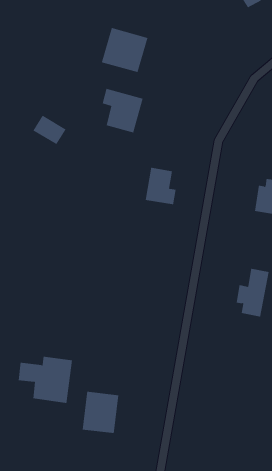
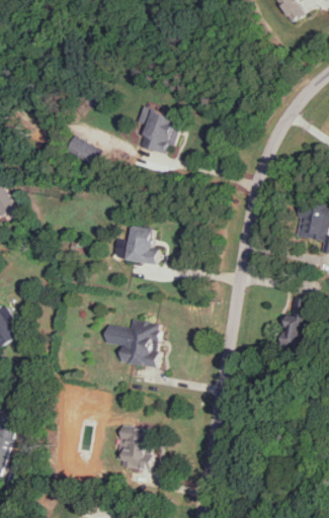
building: [101,27,148,73] -> none
building: [145,167,177,205] -> [127,226,160,265]
building: [18,356,73,403] -> [104,319,162,368]

